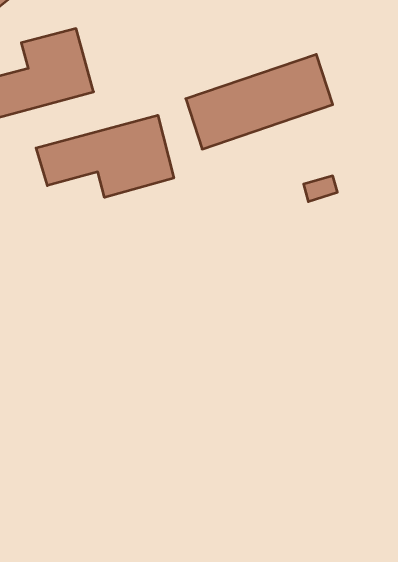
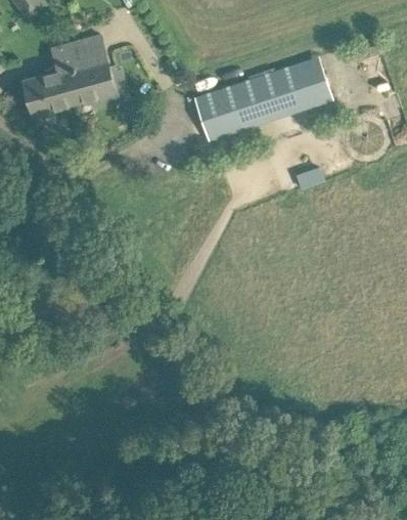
building: [36,115,174,197] -> none

